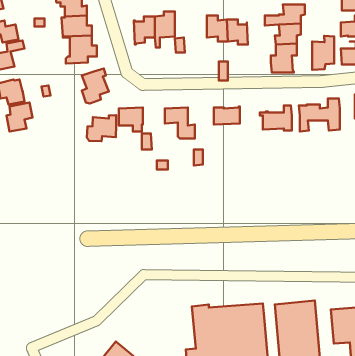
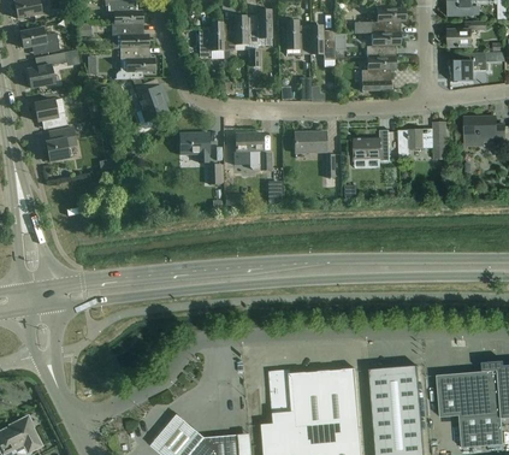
building: none -> [248,11,272,42]
building: [312,36,334,70] -> none
building: [87,115,116,141] -> none

